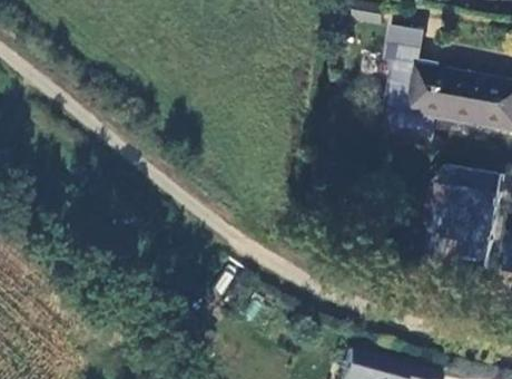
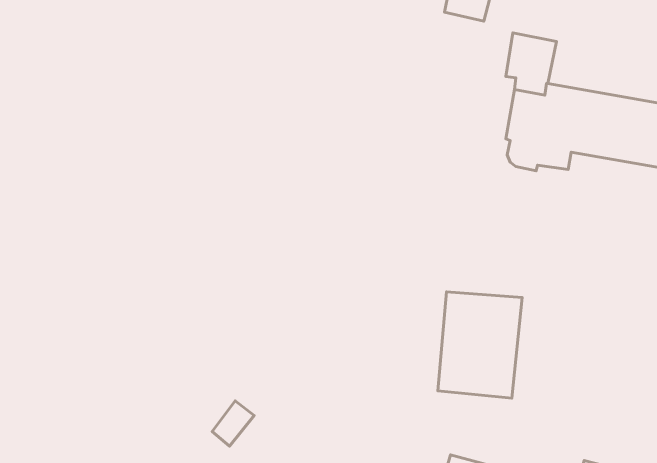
building: [433,177,498,259] -> [438,292,522,398]

